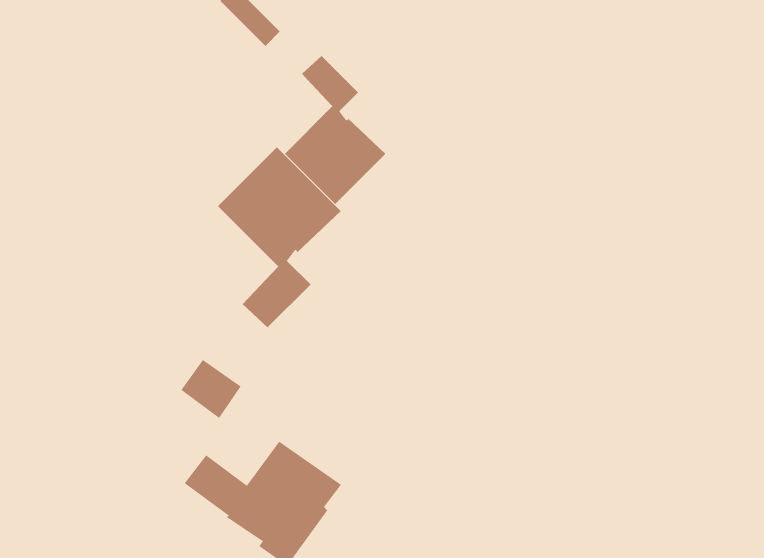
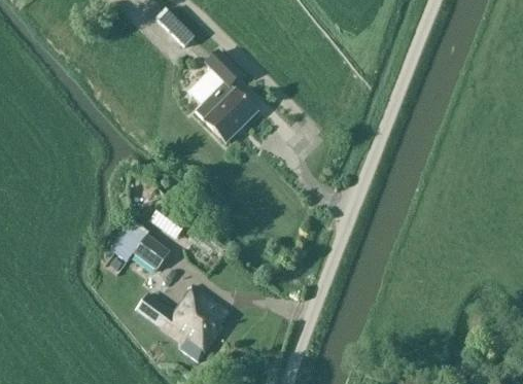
building: [217,146,341,328] -> none
building: none -> [112,223,146,260]

